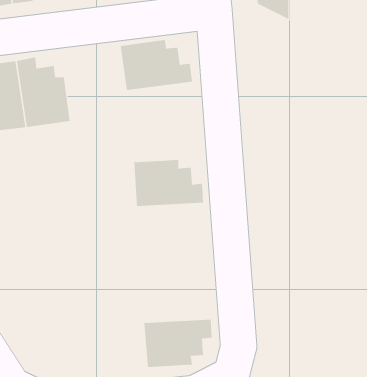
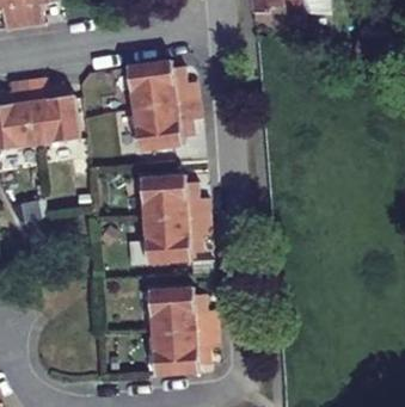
building: none -> [133,98,200,149]
building: none -> [142,215,209,261]
building: none -> [147,285,215,331]

